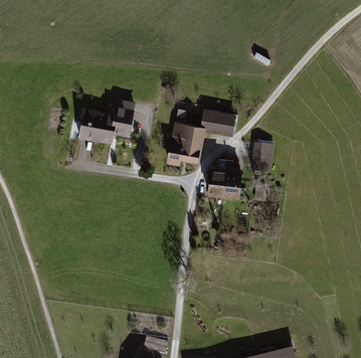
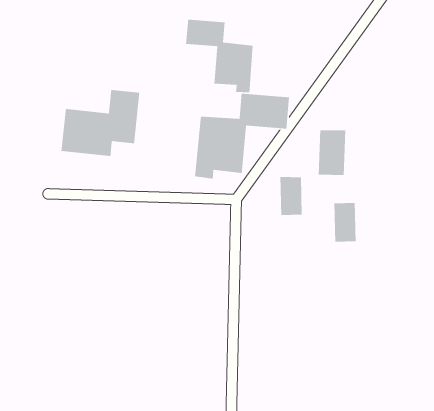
building: none -> [185,19,254,93]
building: [208,167,225,195] -> [334,202,356,242]

